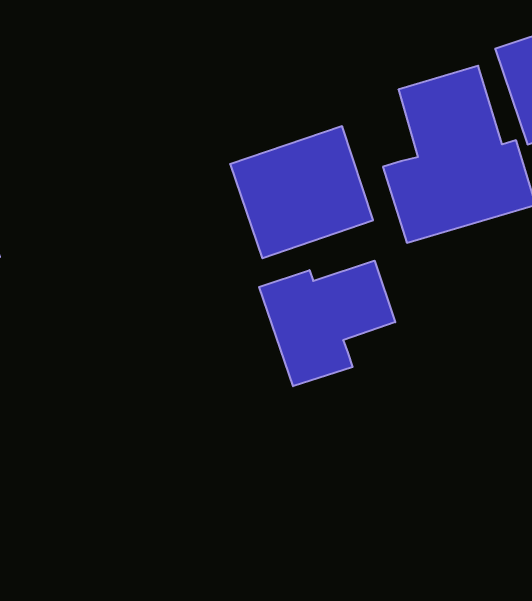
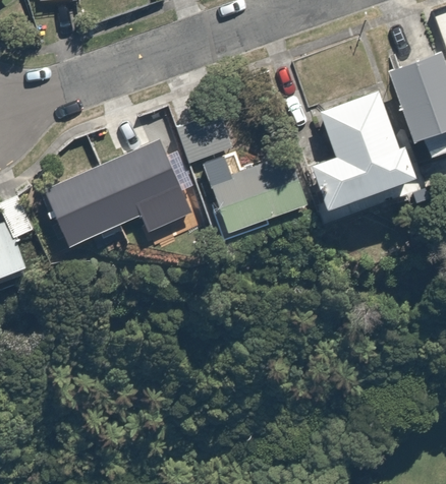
building: none -> [45,112,185,249]
building: [259,261,395,386] -> none

